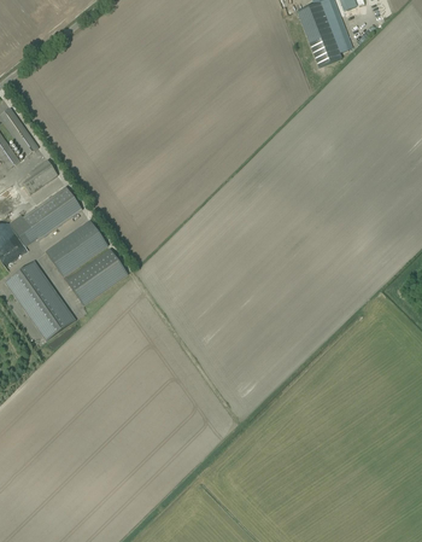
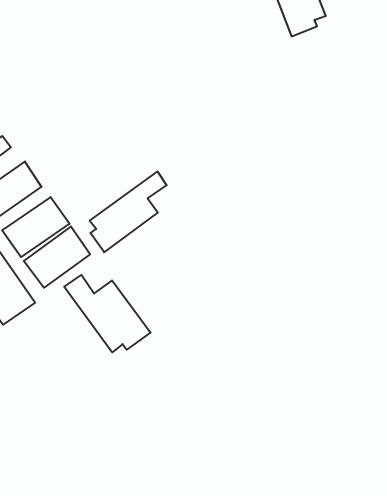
building: none -> [90,171,167,252]
building: none -> [64,275,151,352]

